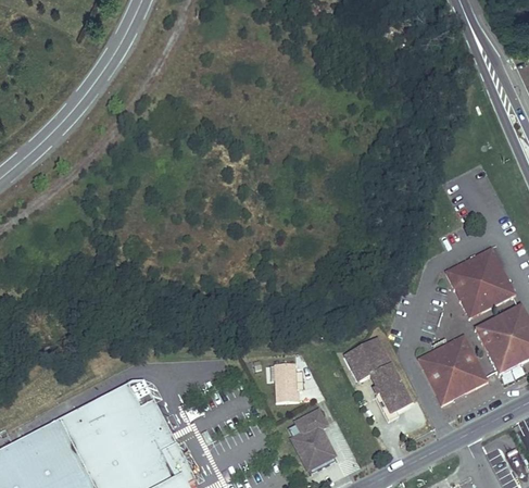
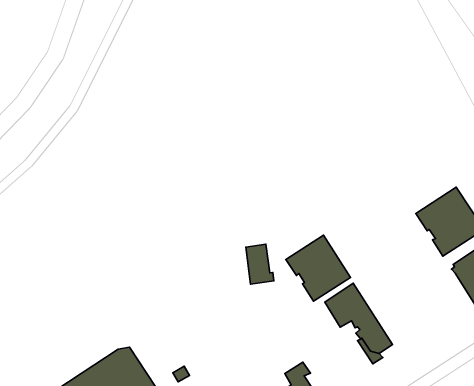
building: none -> [286,235,351,301]
building: [418,337,488,405] -> none
building: [274,363,299,402] -> [246,244,274,284]

